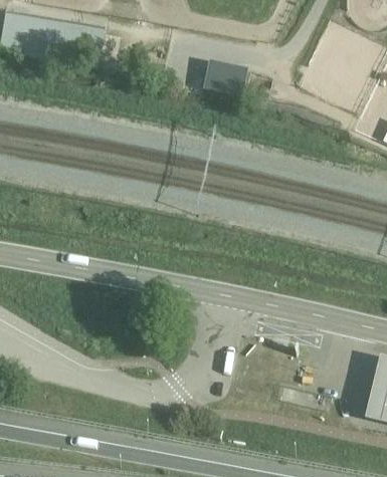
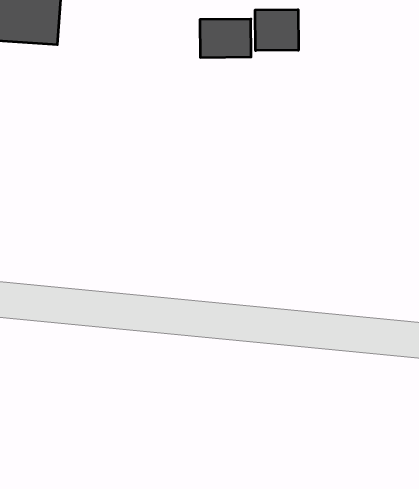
building: none -> [255,10,298,51]

